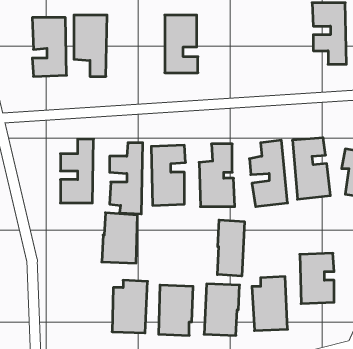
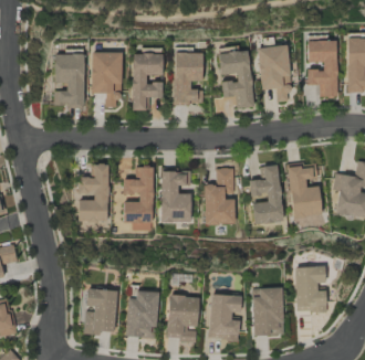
building: none -> [255,44,292,102]
building: none -> [217,50,253,108]
building: none -> [132,54,161,110]
building: [102,213,137,263] -> [83,288,115,333]
building: [217,220,244,276] -> none

